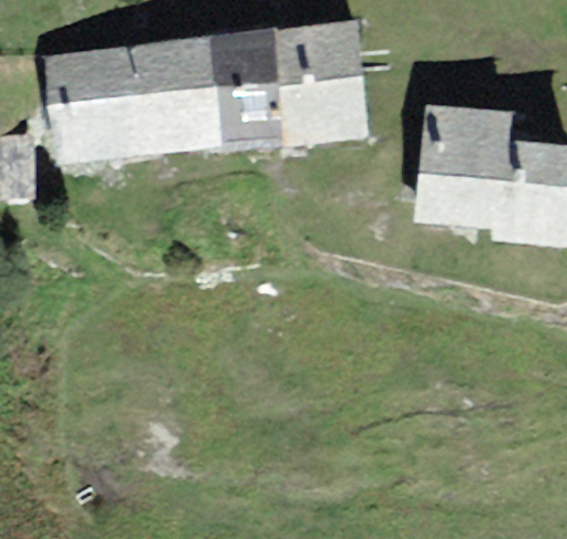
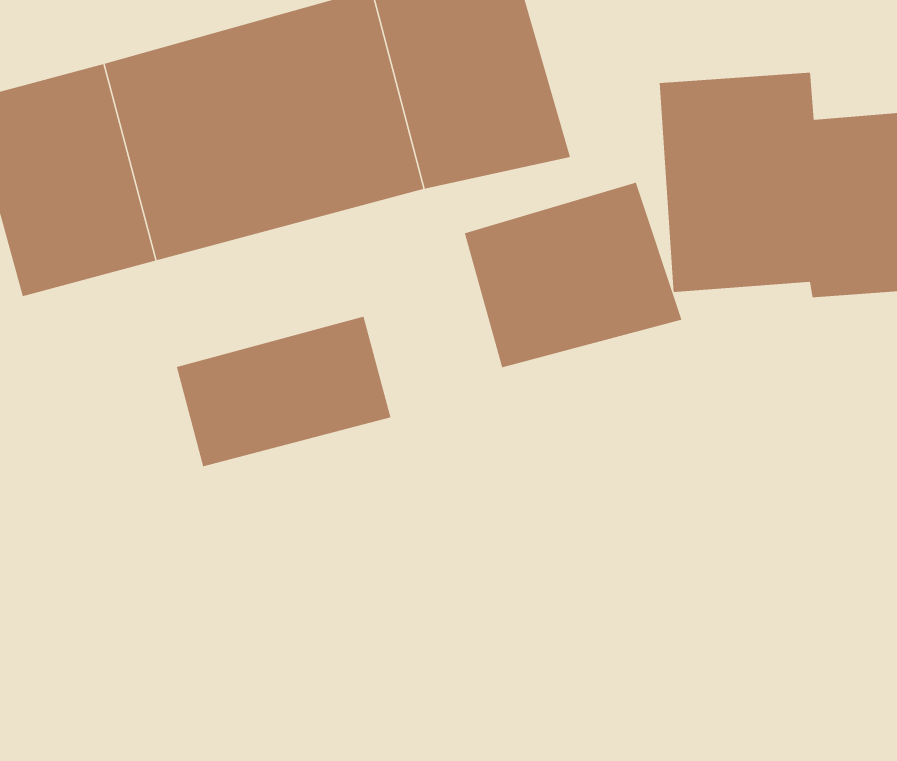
building: none -> [464,182,682,368]
building: none -> [176,316,391,467]

